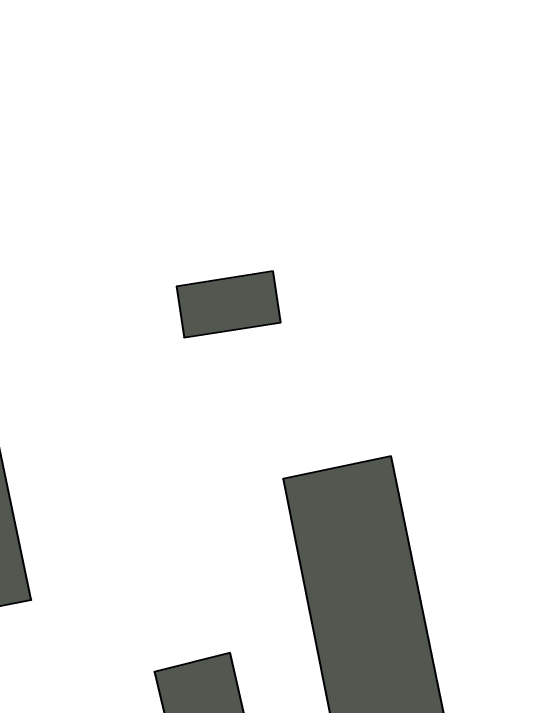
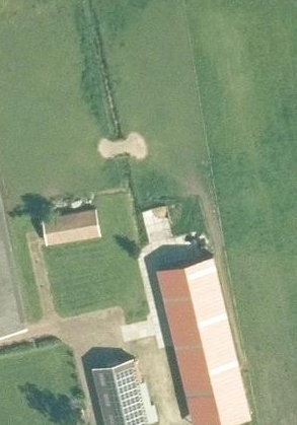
building: [177,271,281,337] -> [40,212,95,247]

